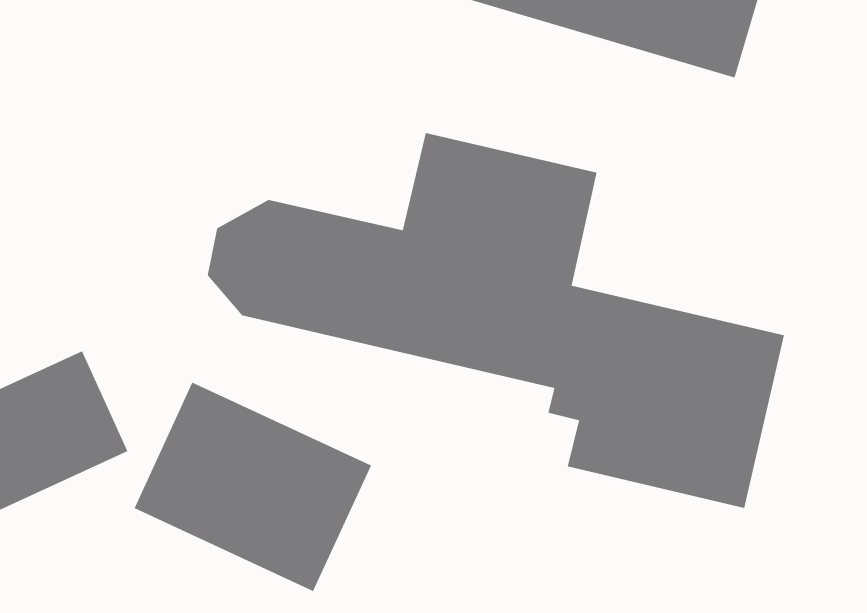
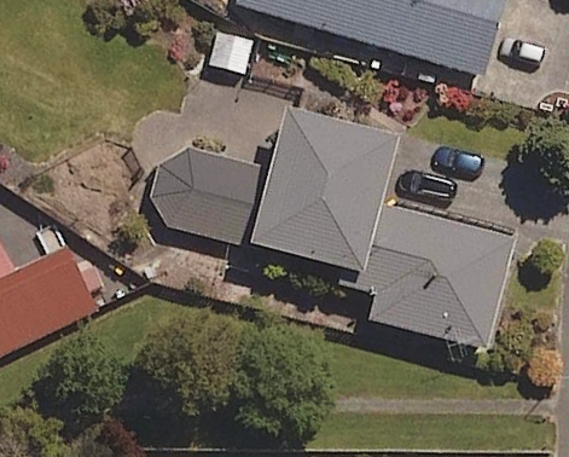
building: [133,382,372,592] -> none

